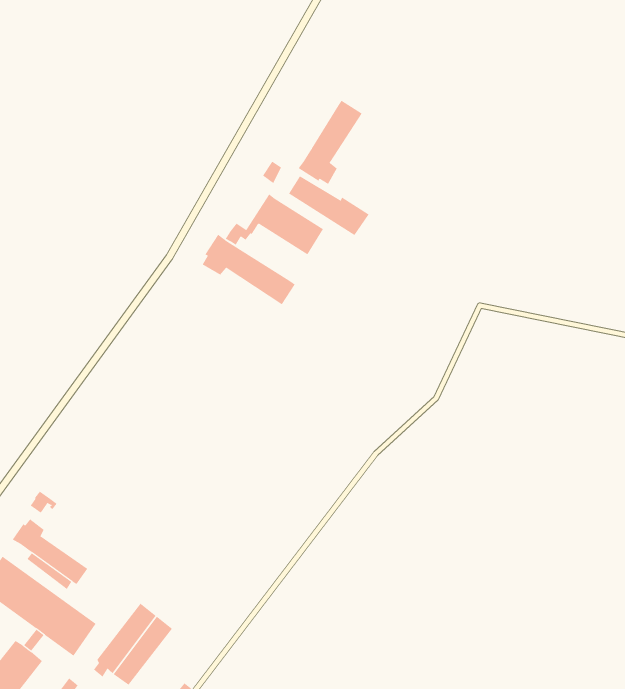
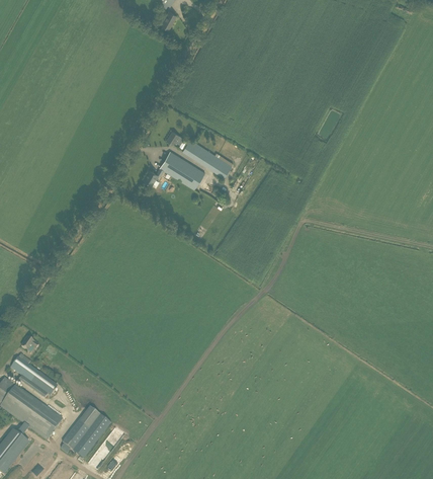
building: [298,100,362,185] -> none
building: [202,234,295,305] -> none

